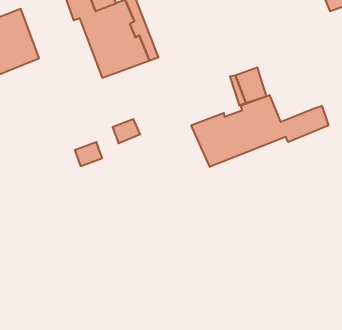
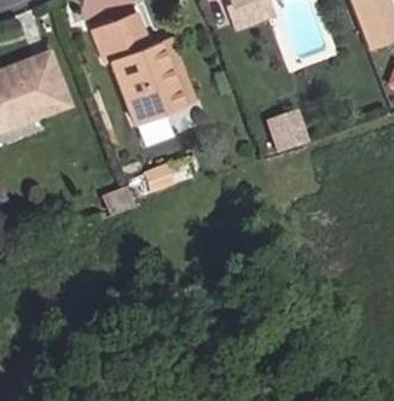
building: [191,95,328,167] -> none

